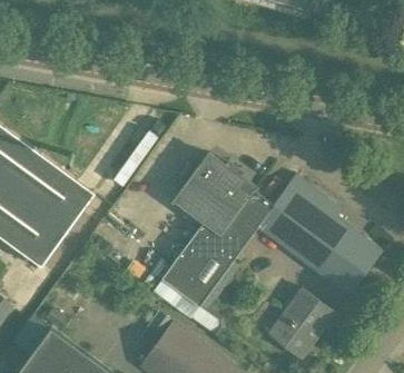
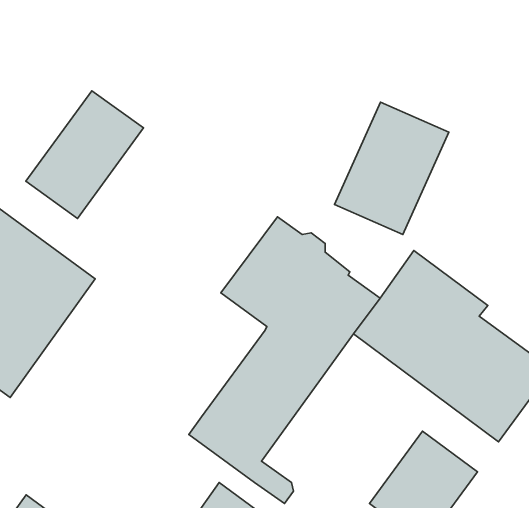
building: none -> [26,91,144,218]
building: none -> [334,102,449,235]

